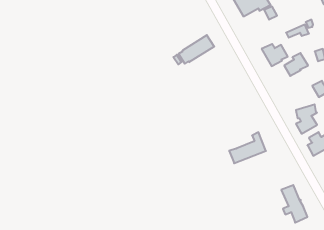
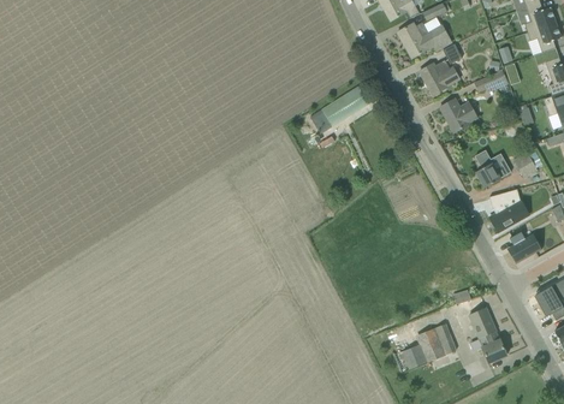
building: none -> [421,61,459,94]
building: [284,53,308,76] -> [477,153,512,186]
building: [229,132,266,163] -> [403,322,457,368]

